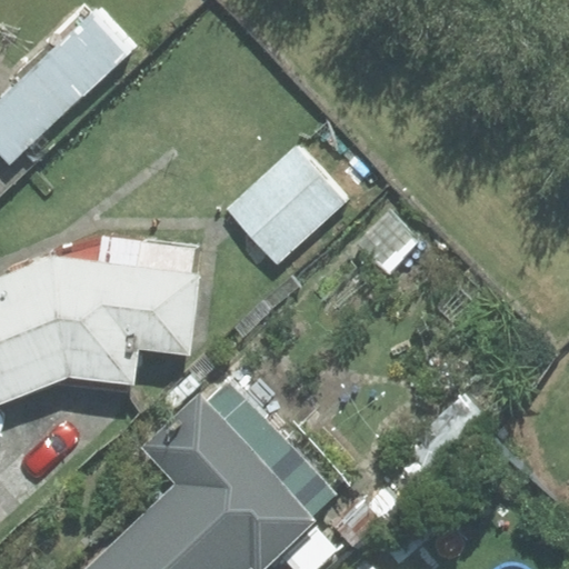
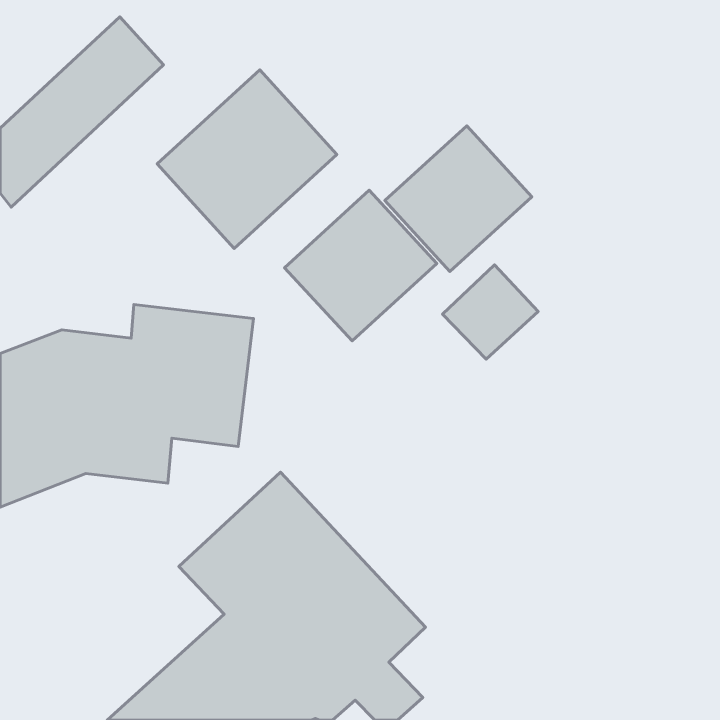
building: none -> [157,70,337,248]
building: none -> [385,126,532,271]

